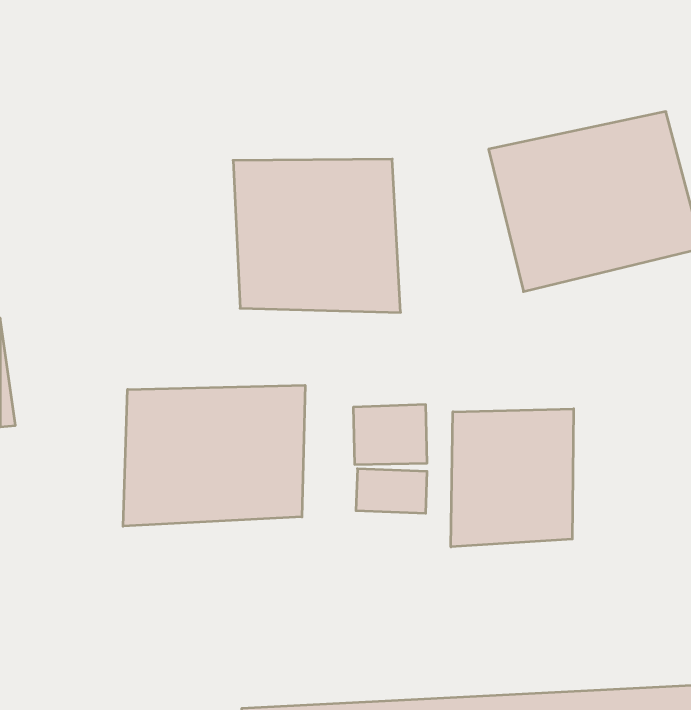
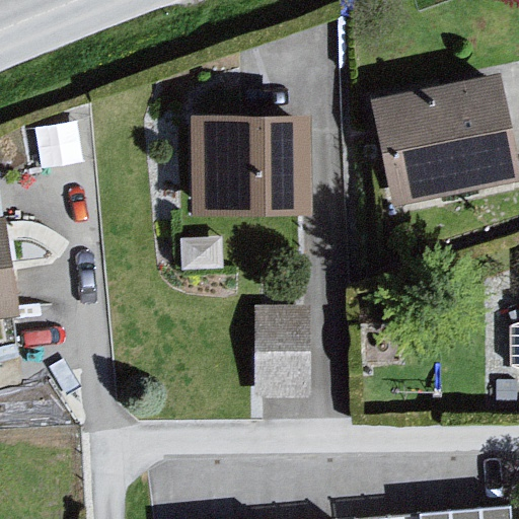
building: [123,385,305,526] -> none
building: [451,409,574,547] -> none

